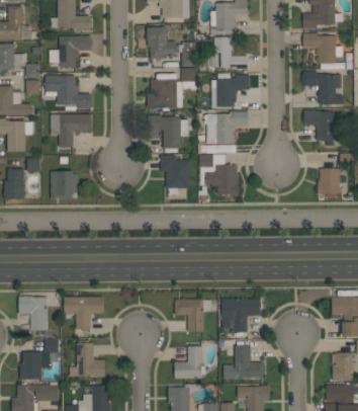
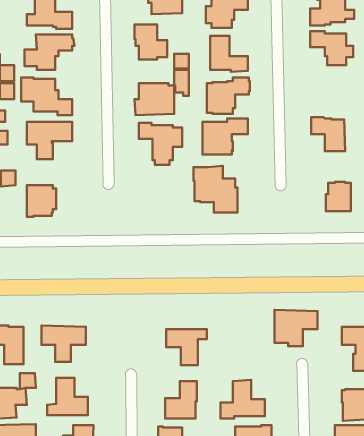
building: [301,72,343,105] -> none
building: [161,156,189,188] -> none
building: [221,299,260,331] -> [275,310,318,346]

